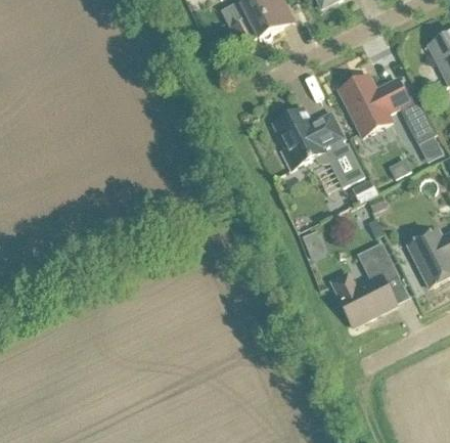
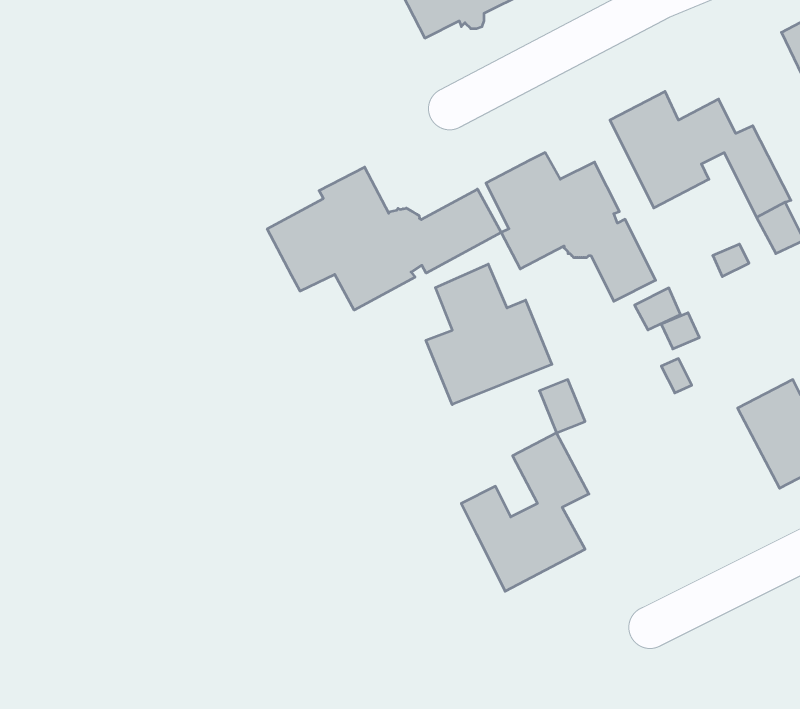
building: none -> [267,167,501,310]
building: none -> [426,264,552,405]
building: [329,241,398,326] -> [461,433,589,591]

